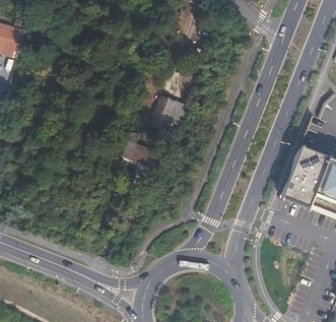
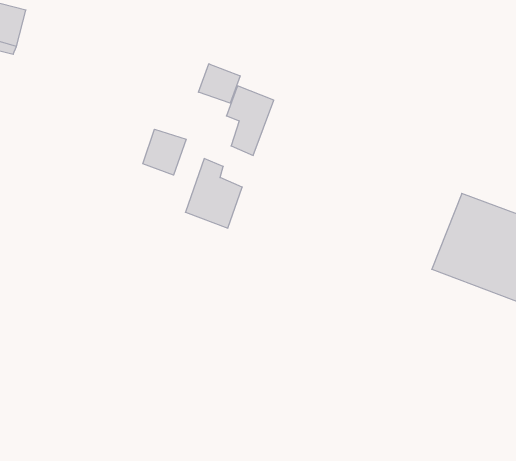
building: none -> [198,64,240,103]
building: none -> [143,129,186,175]

